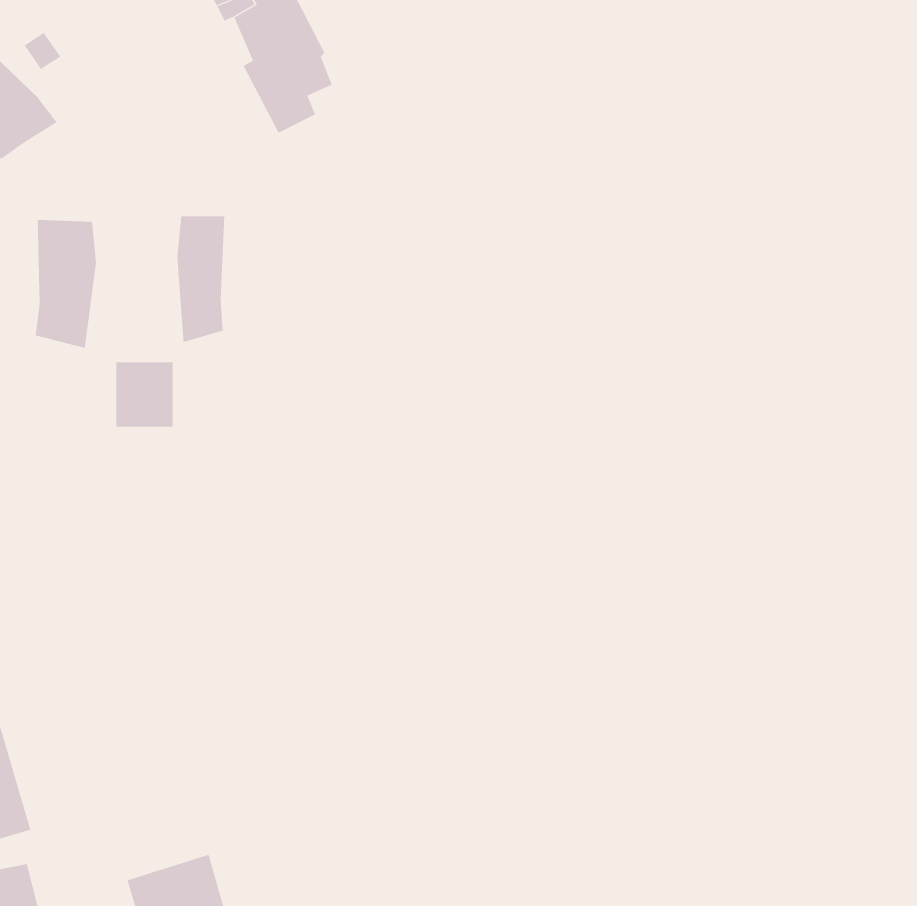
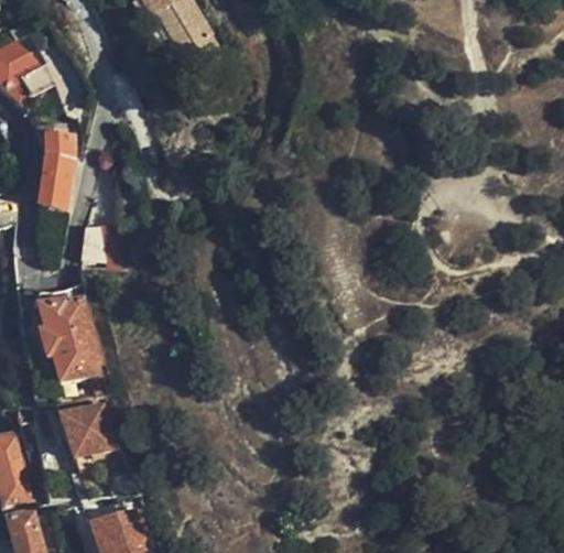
building: [177,215,225,343] -> none
building: none -> [39,285,107,394]
building: none -> [58,402,116,458]

